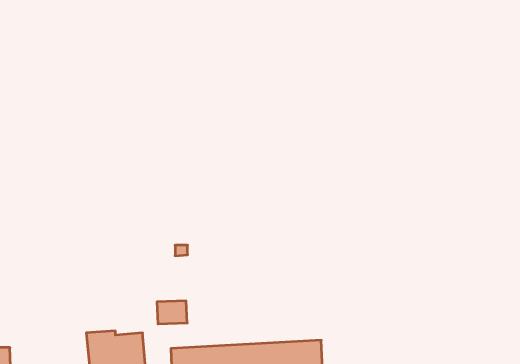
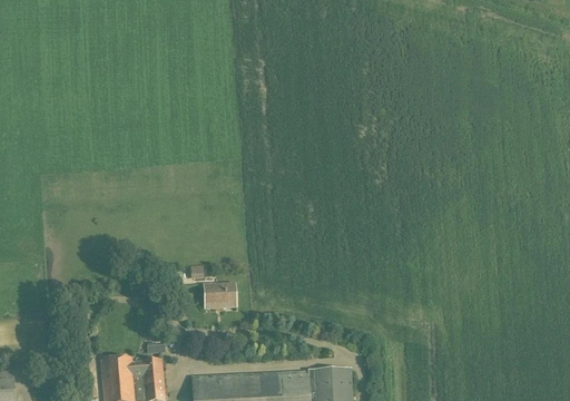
building: [157,301,187,324] -> [203,282,235,306]

